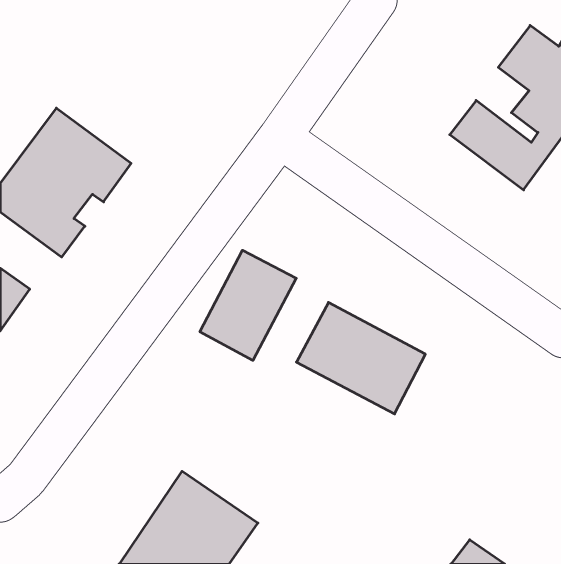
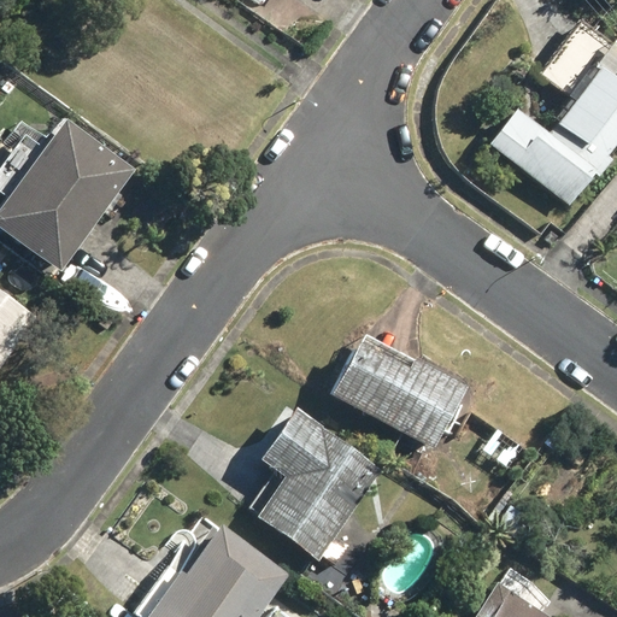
building: [200,250,296,360] -> none
building: none -> [254,405,383,584]

